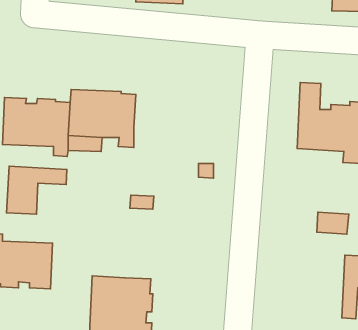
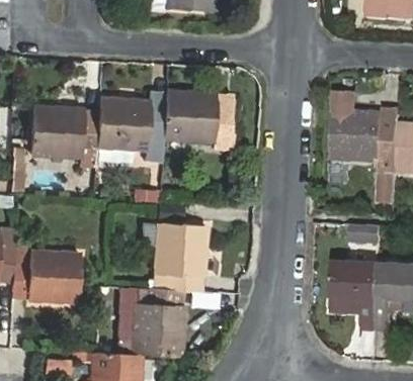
building: none -> [164,89,235,145]
building: [6,166,67,214] -> none
building: none -> [155,221,205,291]
building: none -> [330,263,379,329]

